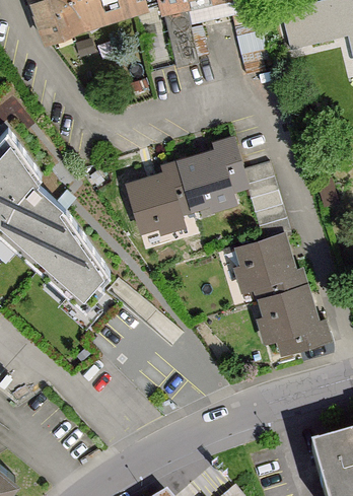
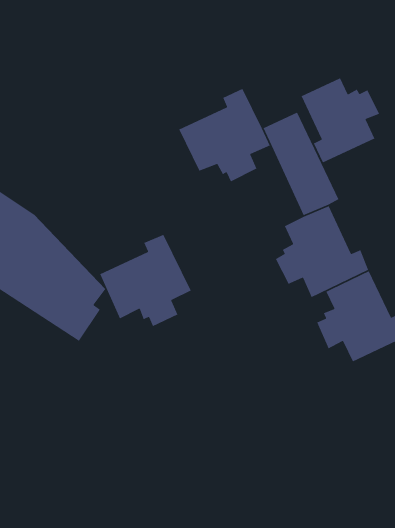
building: none -> [300,71,380,164]
building: [128,161,194,228] -> [99,234,192,327]

